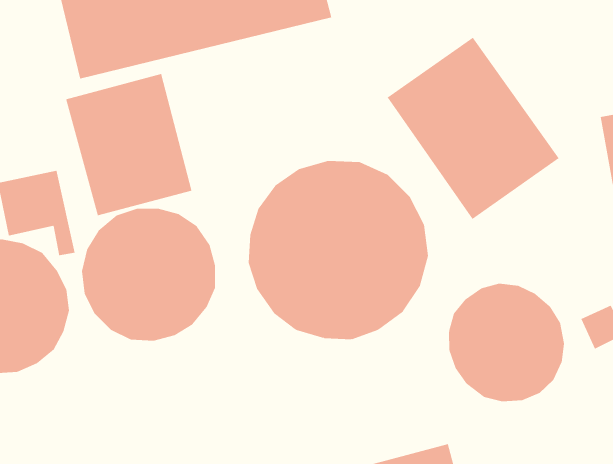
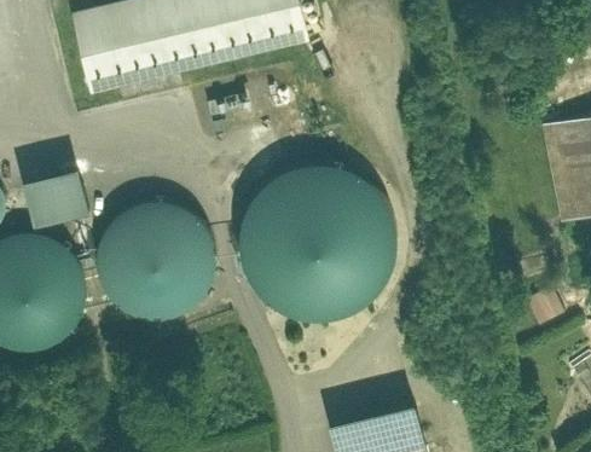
building: [387,37,560,220] -> none
building: [65,73,192,216] -> none
building: [449,283,565,402] -> none

